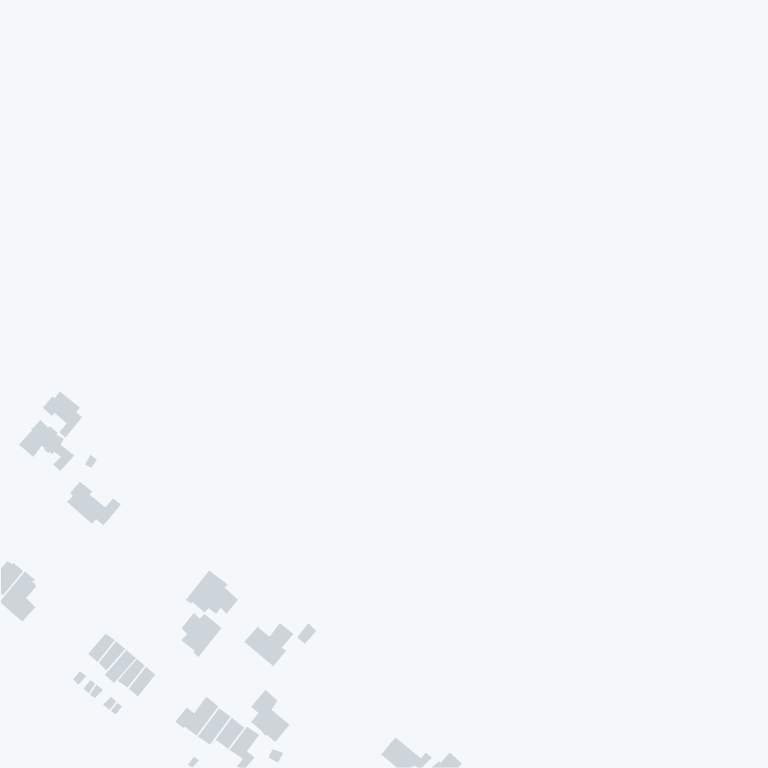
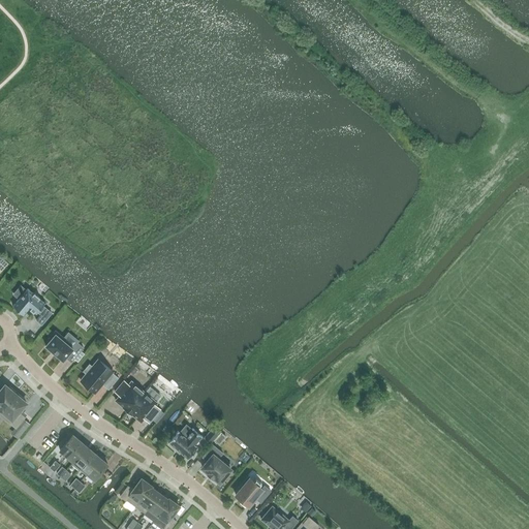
building: [42,390,83,439] -> none
building: none -> [81,360,119,393]
building: [180,612,222,658] -> [115,380,144,412]
building: [250,689,291,743] -> [203,444,230,481]
building: none -> [236,477,271,505]

